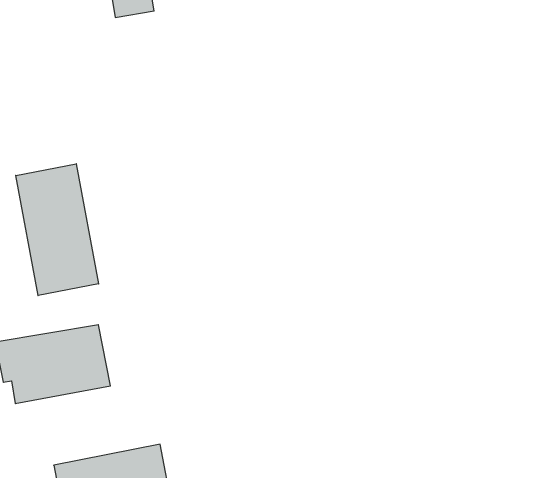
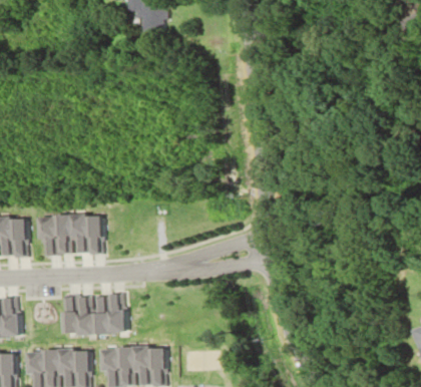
building: [16,164,99,296] -> none

